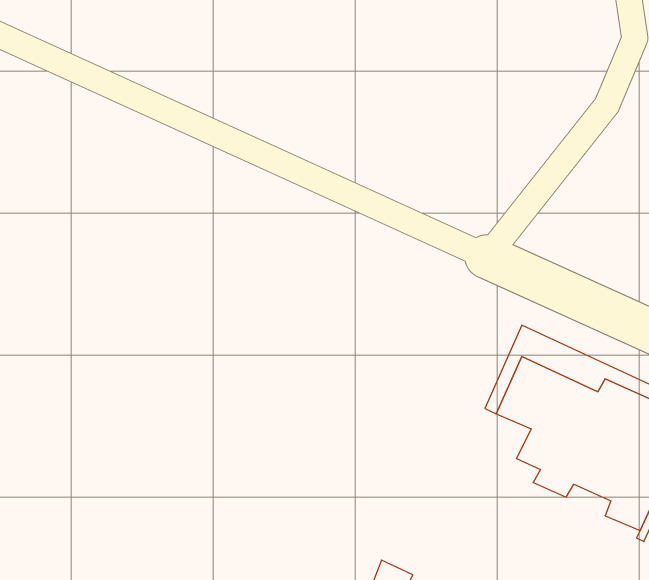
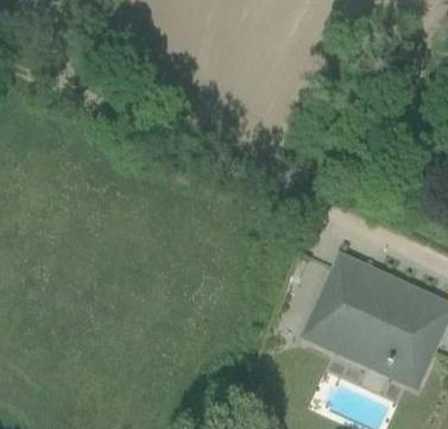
building: none -> [299,304,415,387]

